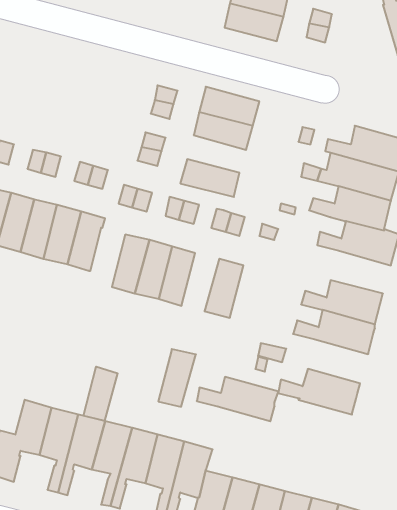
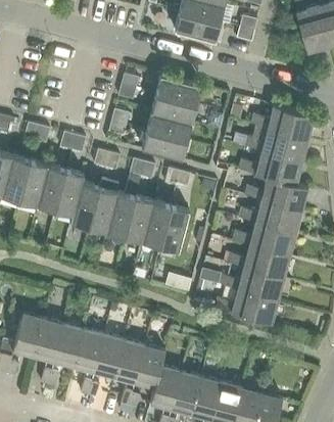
building: none -> [146,111,191,140]
building: none -> [69,182,99,227]
building: none -> [239,199,301,232]
building: [158,349,196,407] -> [142,201,171,245]
building: [83,367,118,421] -> none
building: [197,377,279,421] -> [222,267,284,300]

